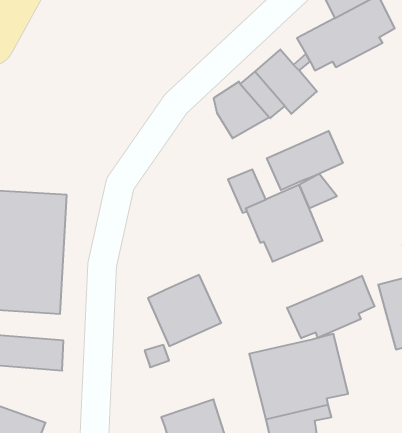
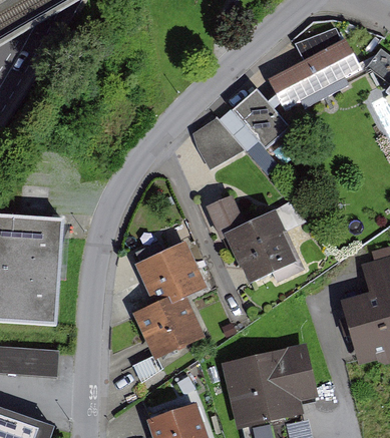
building: [267,131,343,190] -> none
building: none -> [135,242,201,304]
building: [287,276,375,338] -> none

